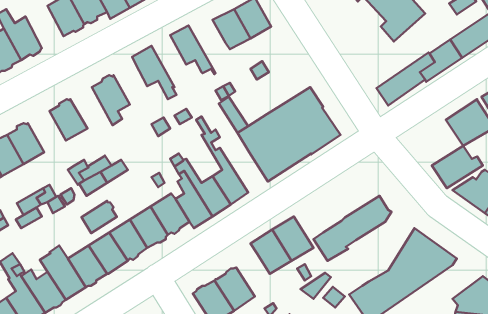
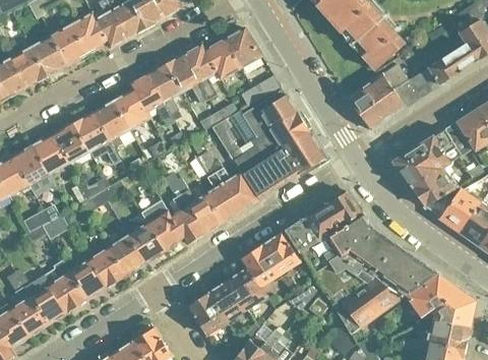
building: none -> [30,36,66,75]
building: none -> [183,44,218,99]
building: none -> [148,63,181,112]
building: none -> [348,63,408,113]
building: none -> [241,87,297,137]
building: none -> [113,89,148,128]
building: none -> [72,112,112,158]
building: none -> [33,134,68,173]
building: none -> [398,142,440,185]
building: none -> [204,159,257,211]
building: none -> [285,191,362,254]
building: [82,201,117,233] -> none
building: none -> [330,229,394,284]
building: none -> [228,267,265,308]
building: none -> [407,276,459,317]

